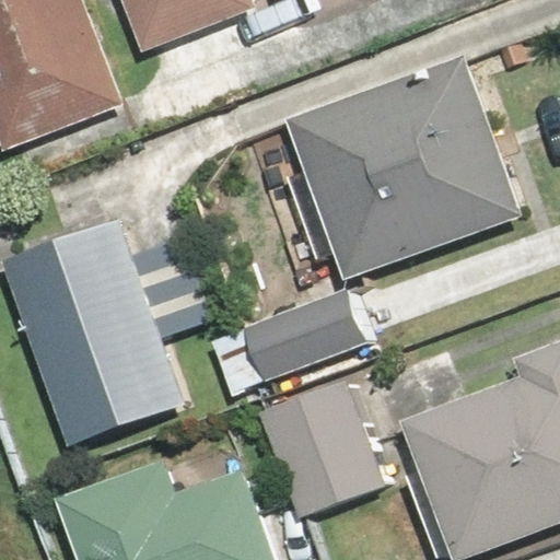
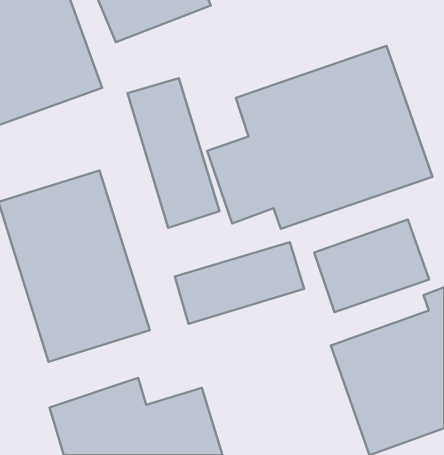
building: none -> [127,78,220,228]
building: none -> [314,219,429,312]
building: [264,382,387,520] -> none

